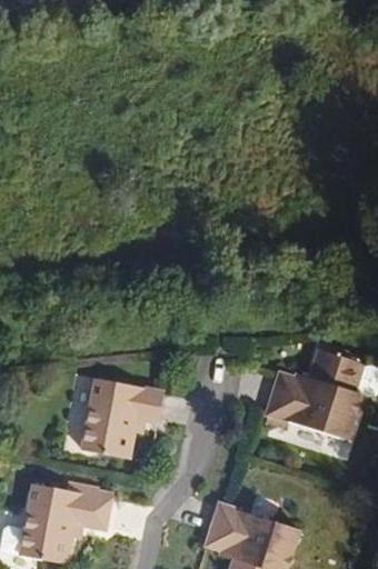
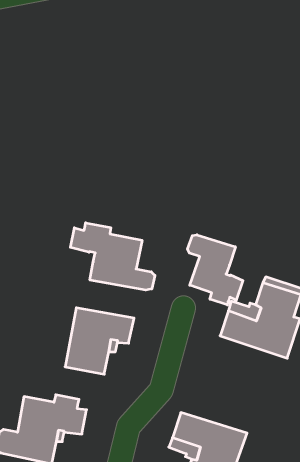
building: none -> [70,223,155,290]
building: none -> [187,235,243,305]

